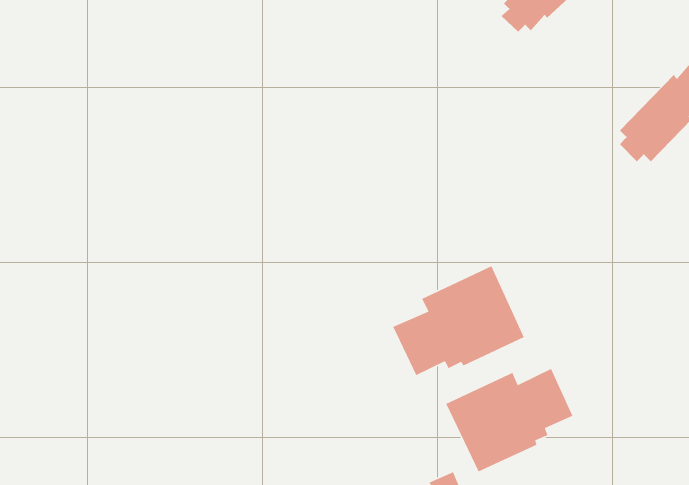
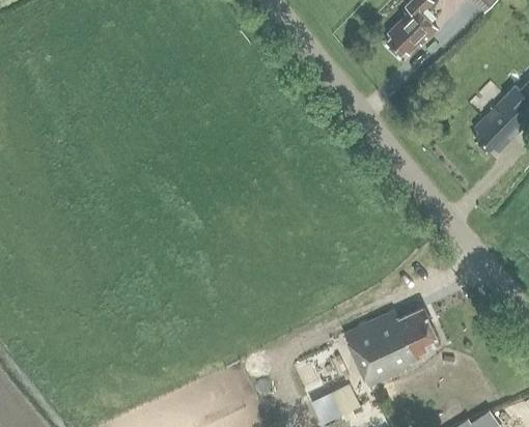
building: [392,265,525,376] -> none

